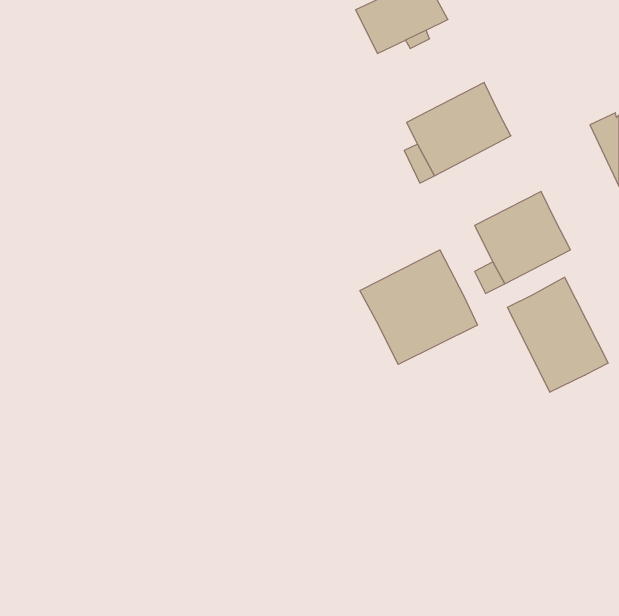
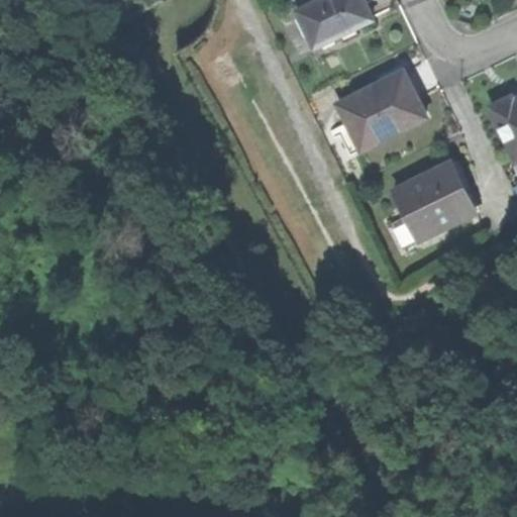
building: [360,250,477,364] -> none
building: [507,277,608,392] -> none

